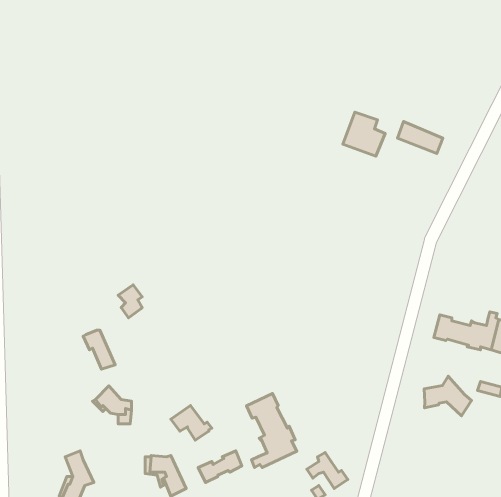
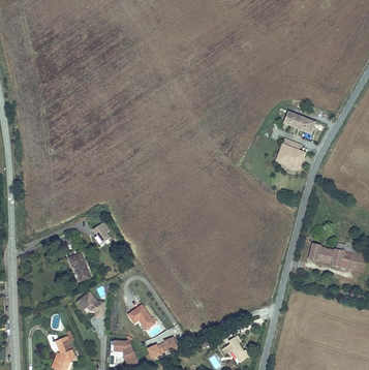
building: [343,112,385,156] -> [276,138,305,168]
building: [424,376,472,416] -> none
building: [247,393,297,467] -> none

